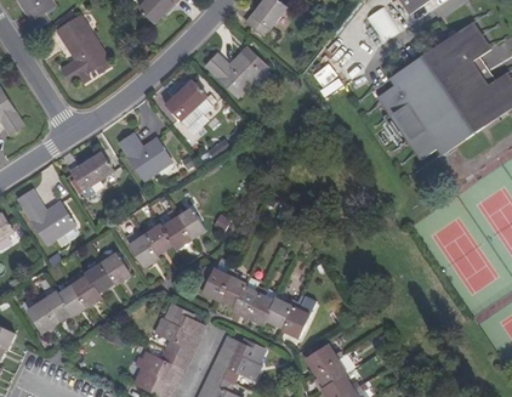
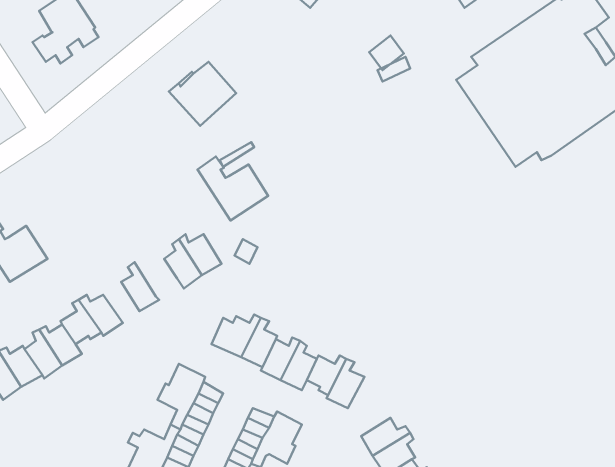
building: [206,52,261,96] -> none
building: [118,134,170,181] -> [198,156,268,220]
building: [68,154,112,197] -> none
building: [138,216,170,255] -> none

